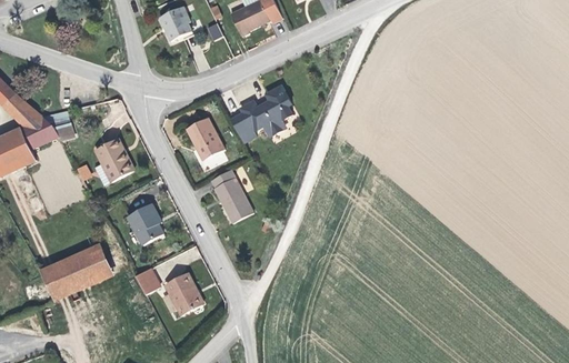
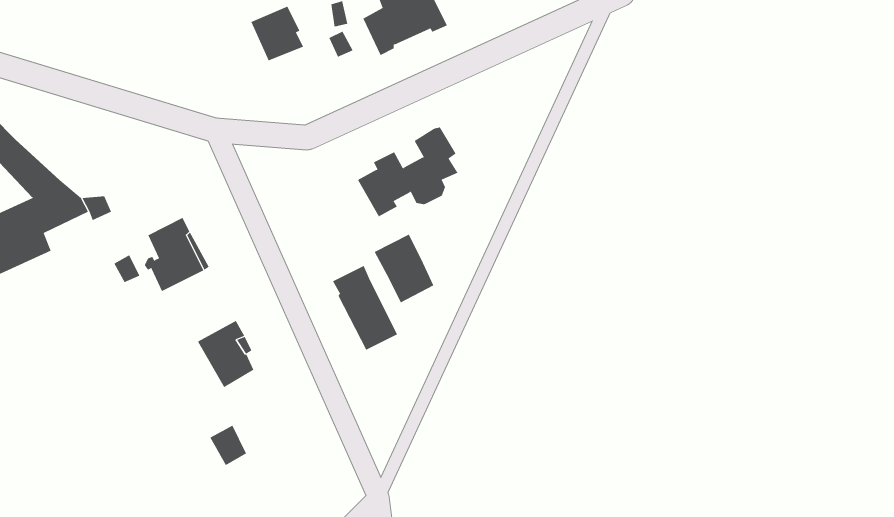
building: [186,117,223,160] -> [374,234,434,303]
building: [41,243,114,301] -> none
building: [166,273,202,315] -> none

